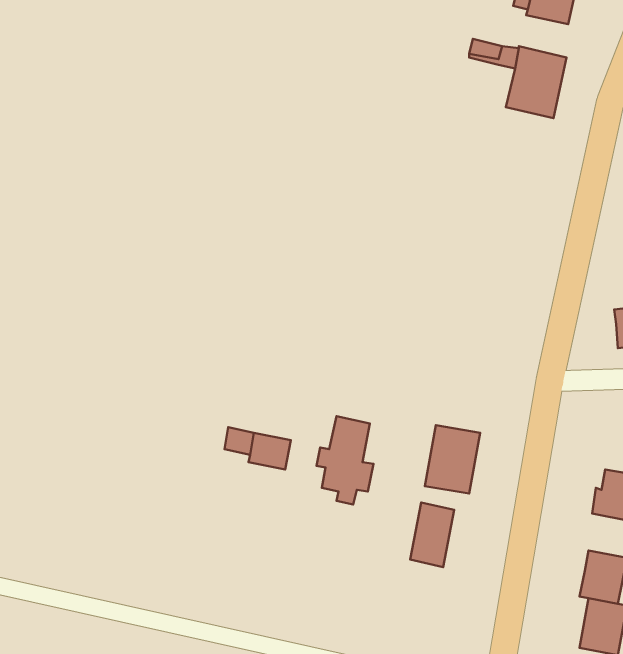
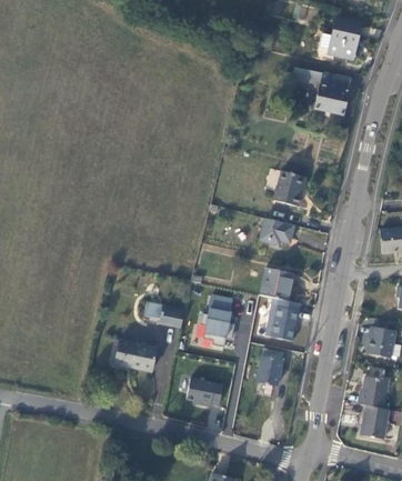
building: none -> [274,170,303,207]
building: none -> [259,217,293,244]
building: none -> [259,267,292,300]
building: none -> [114,340,155,371]
building: none -> [185,378,222,407]

